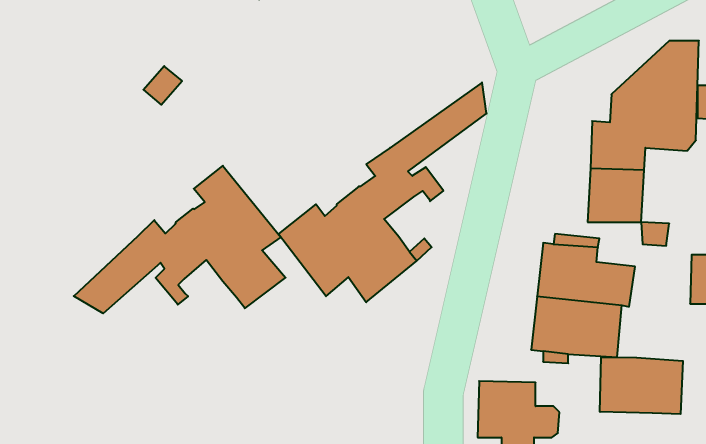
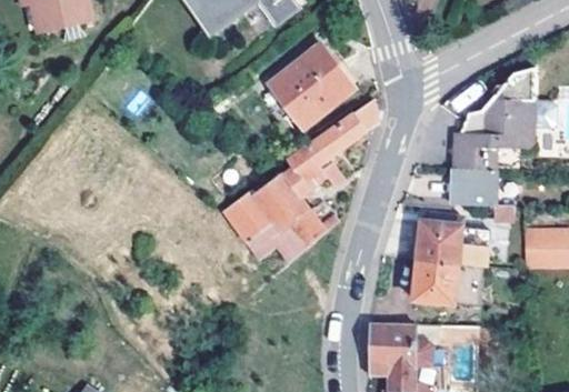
building: none -> [267,47,359,129]
building: [74,166,286,313] -> none
building: [600,357,683,414] -> none

